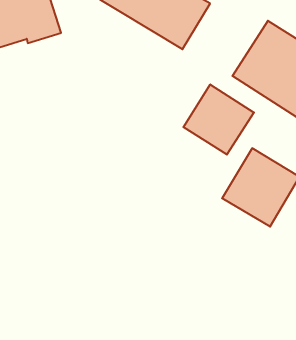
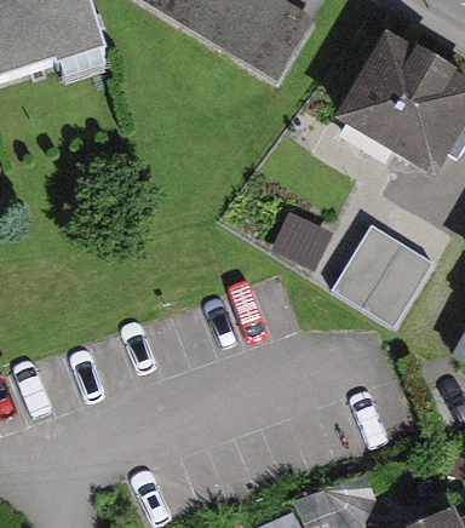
building: [183,84,254,155] -> none

